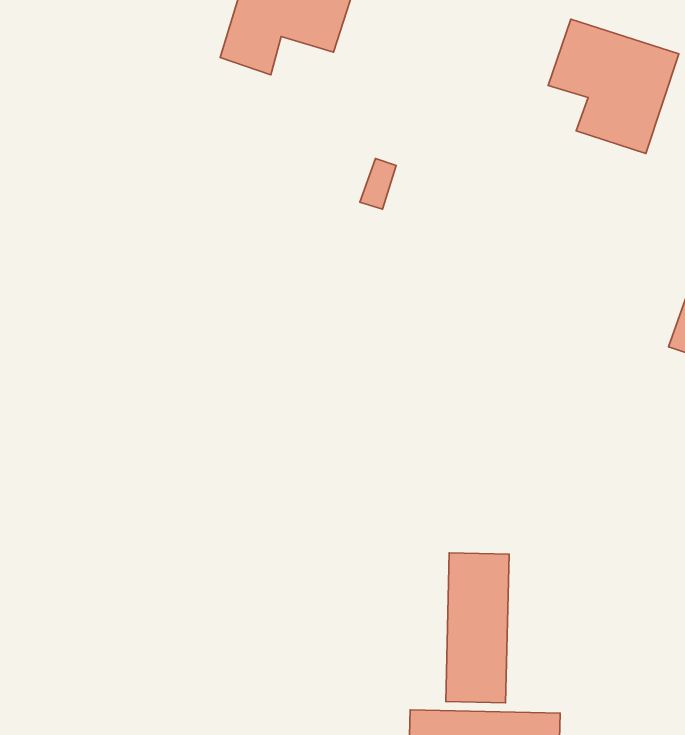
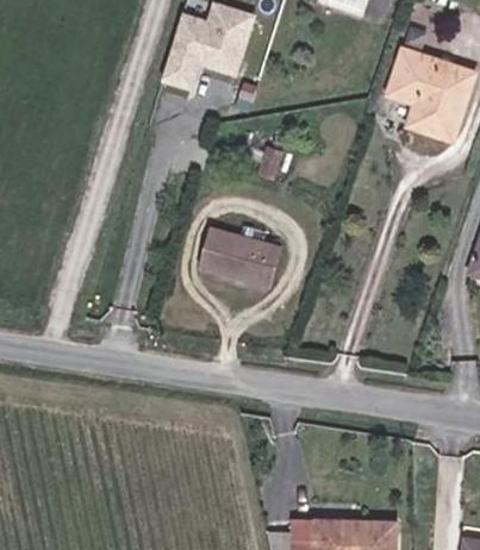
building: none -> [199,227,282,288]
building: [446,553,509,703] -> none

